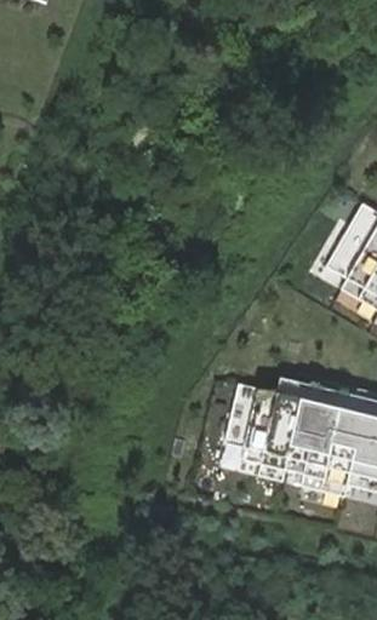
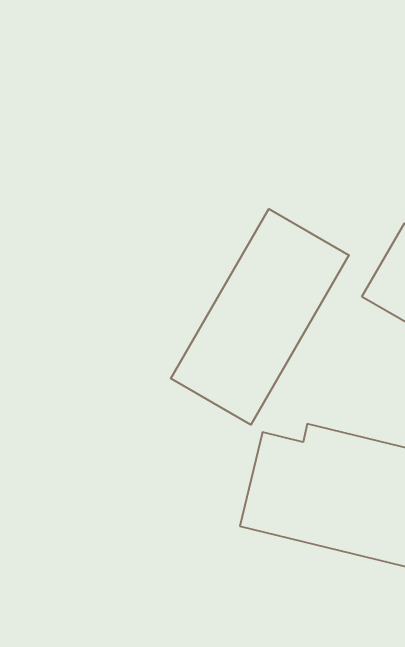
building: none -> [171,209,349,425]

